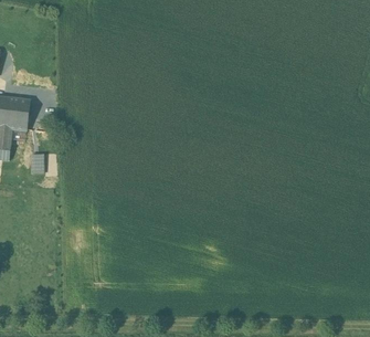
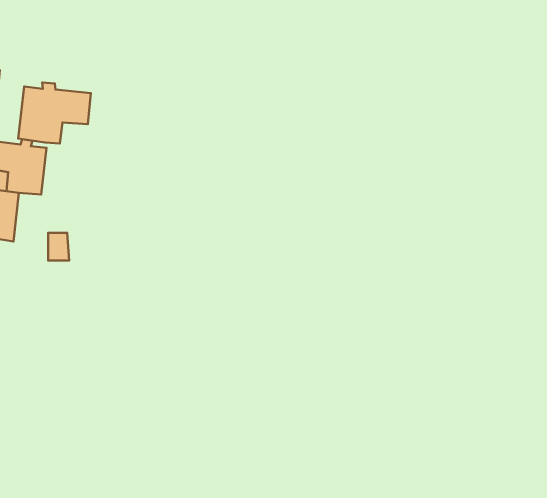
building: none -> [18,83,91,144]

